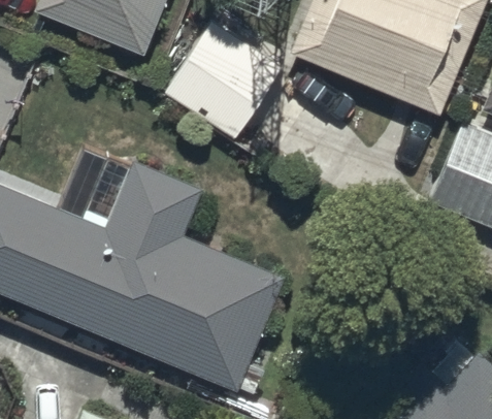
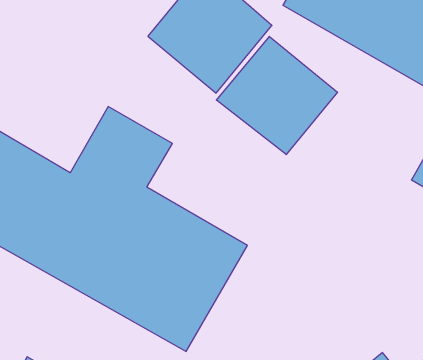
building: none -> [216,36,337,155]

